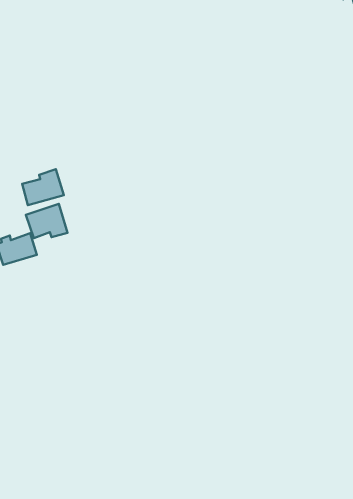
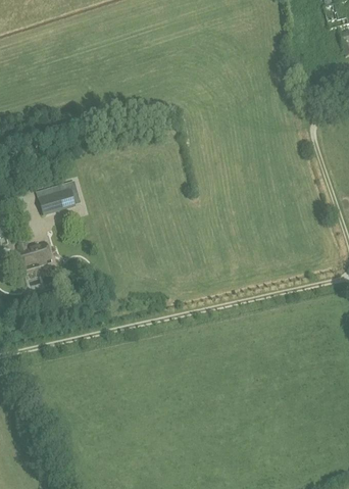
building: [26,204,68,238] -> none

